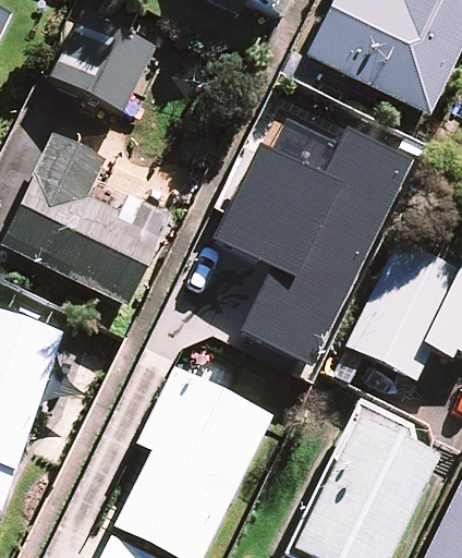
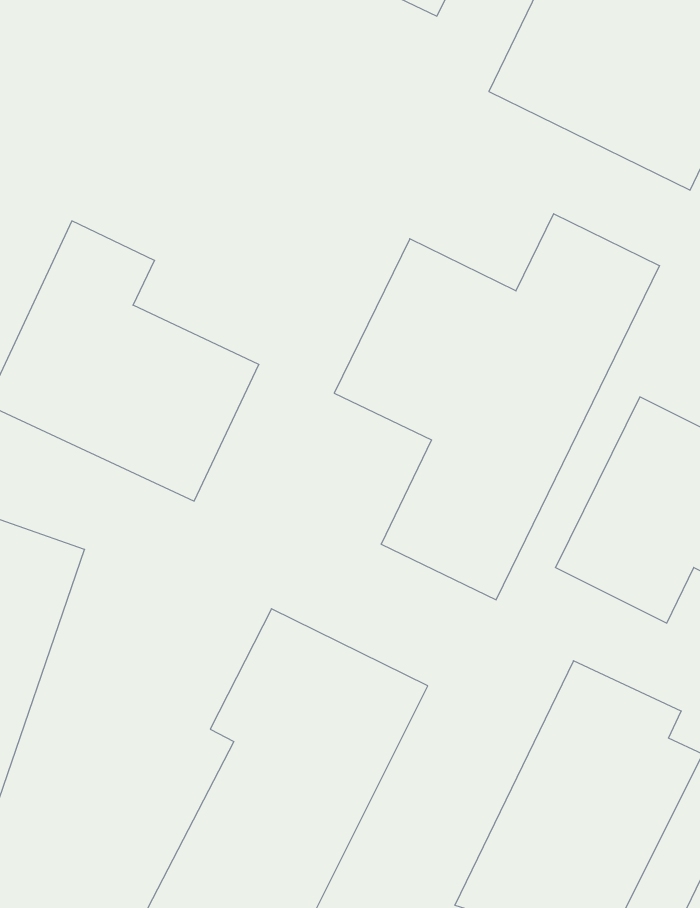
building: [49,8,156,112] -> none

